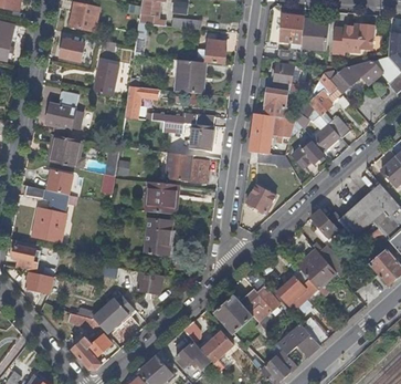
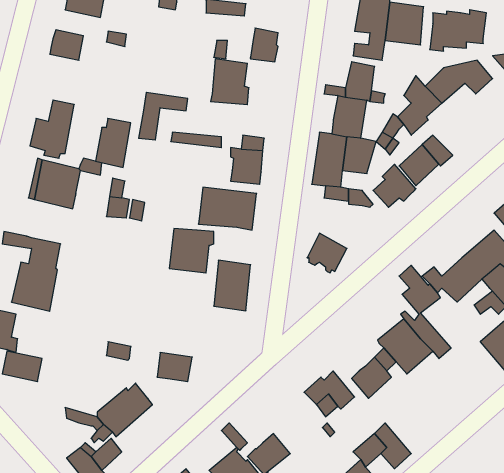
building: [93,60,118,95] -> [96,118,131,167]
building: [46,169,72,194] -> none
building: [145,218,171,255] -> [214,260,251,311]
building: [215,294,254,333] -> none

